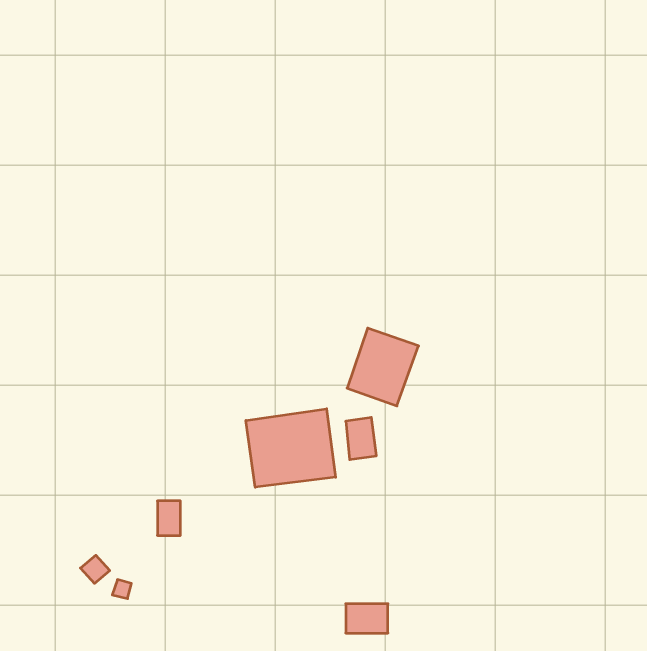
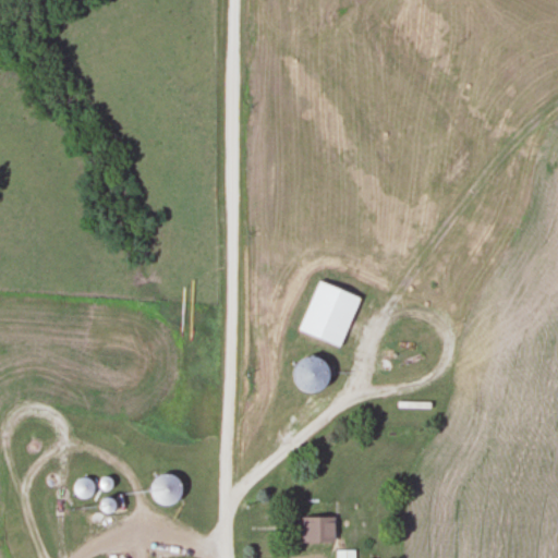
building: [246,409,336,487] -> none
building: [157,501,180,535] -> [157,474,177,504]

